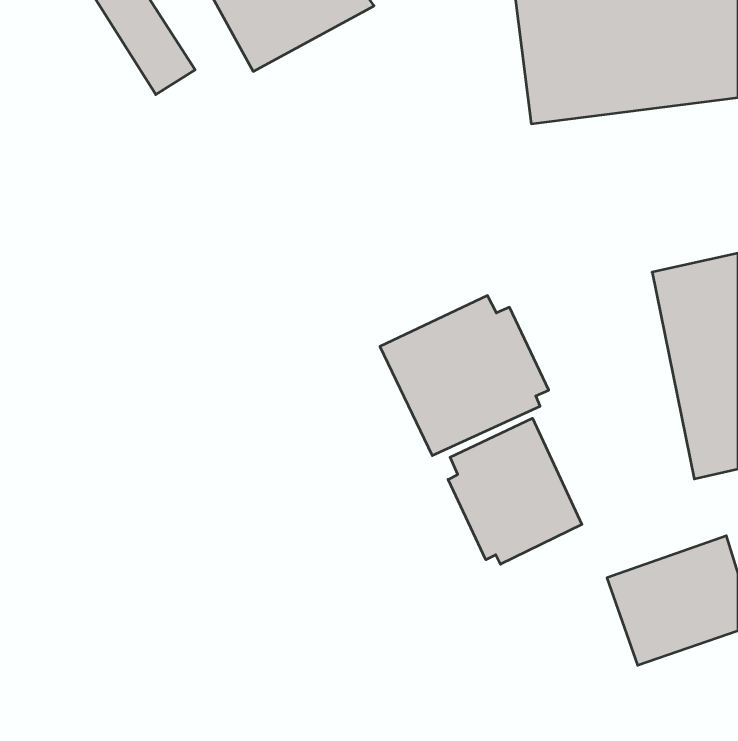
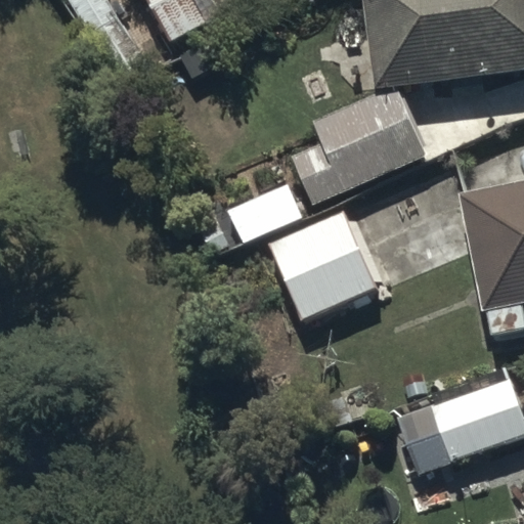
building: none -> [293,86,430,208]
building: [448,418,582,564] -> none

